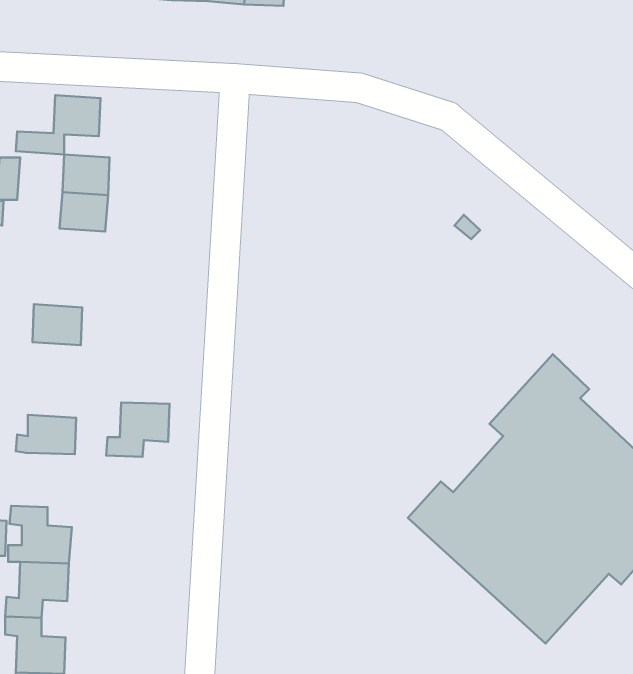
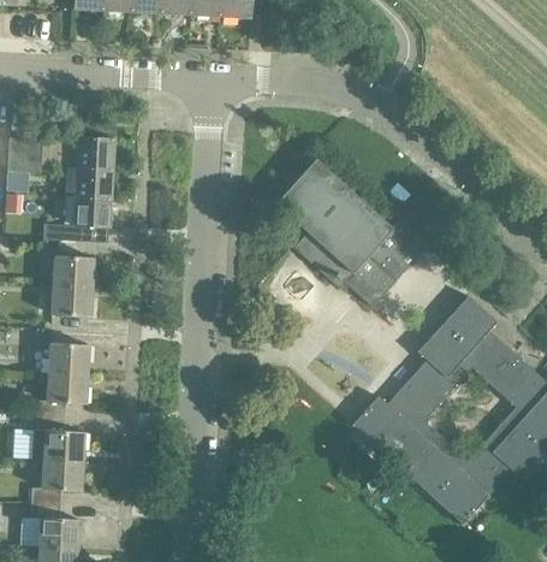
building: [16,95,100,154] -> [43,194,111,241]
building: none -> [275,156,428,307]
building: none -> [50,284,91,315]
building: [106,402,170,457] -> [36,372,87,415]

